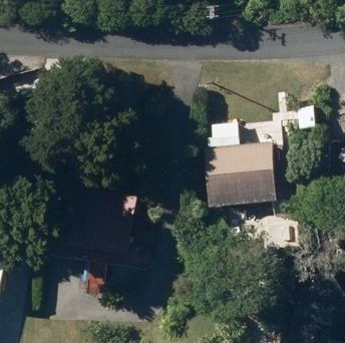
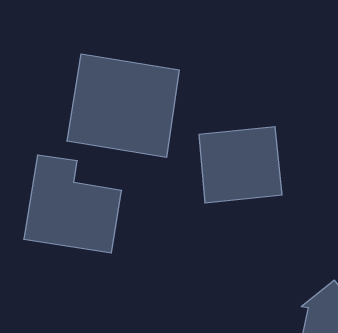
building: none -> [67,54,179,157]

